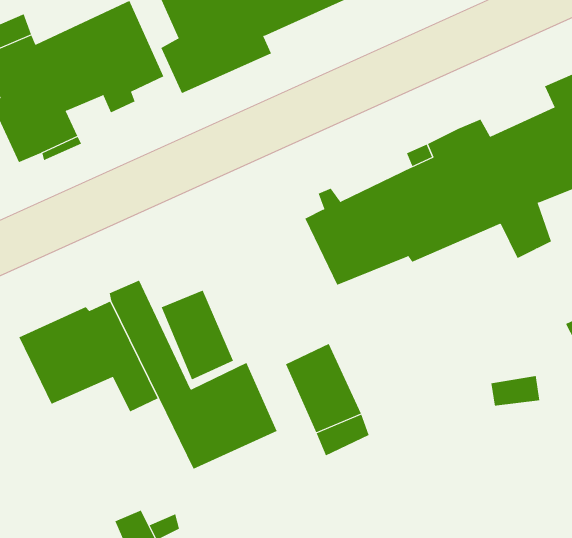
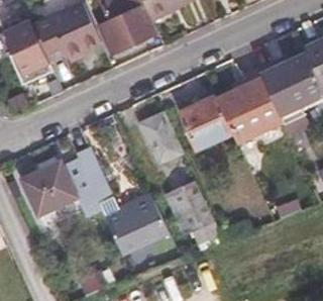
building: [161,290,234,380] -> [137,118,176,166]

